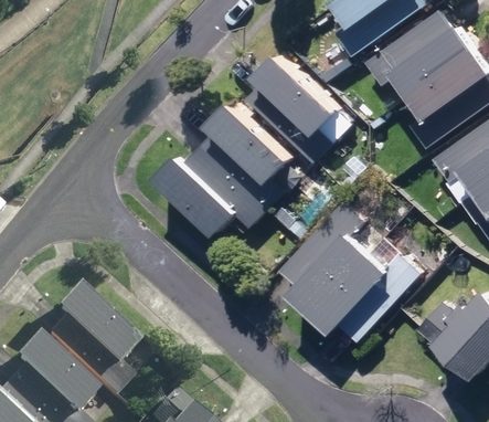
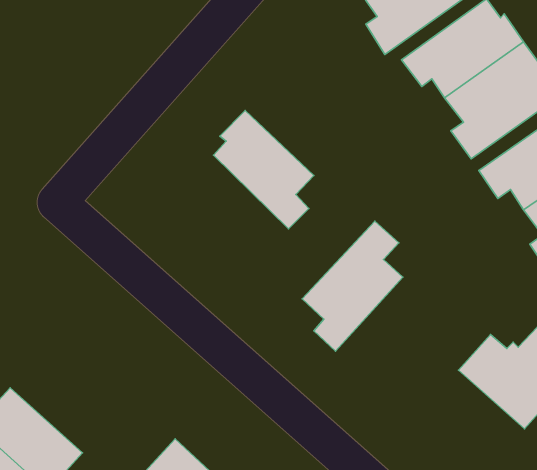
building: [247,59,336,162] -> none
building: [157,145,267,239] -> none
building: [308,251,418,339] -> none
building: [41,297,130,399] -> none

